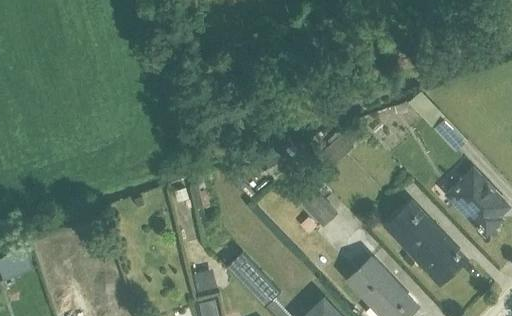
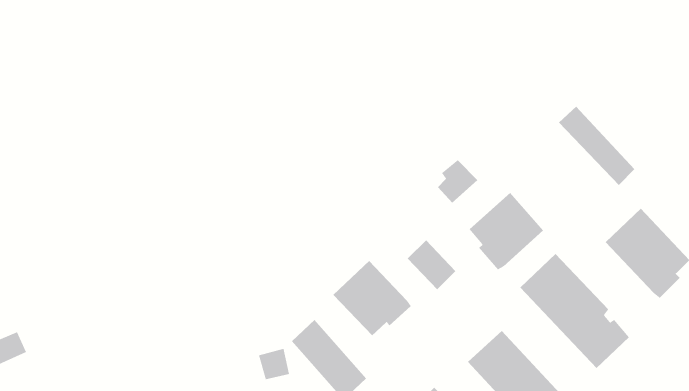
building: none -> [469,192,544,270]
building: none -> [333,260,411,336]

